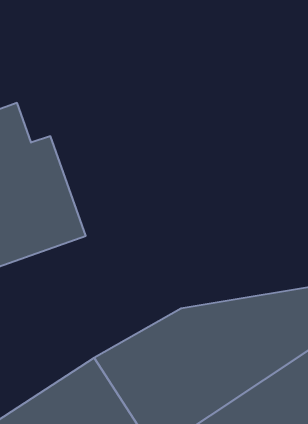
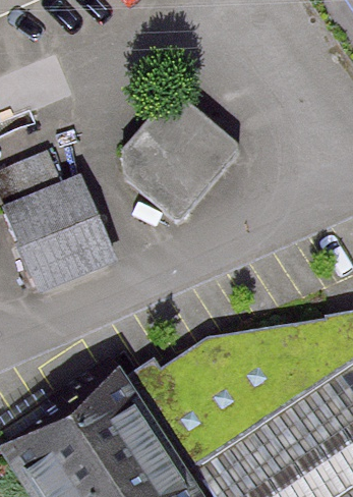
building: none -> [128,97,249,222]

